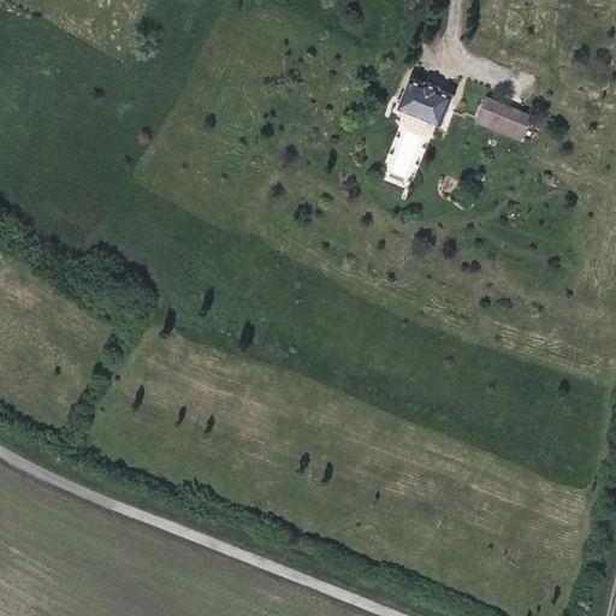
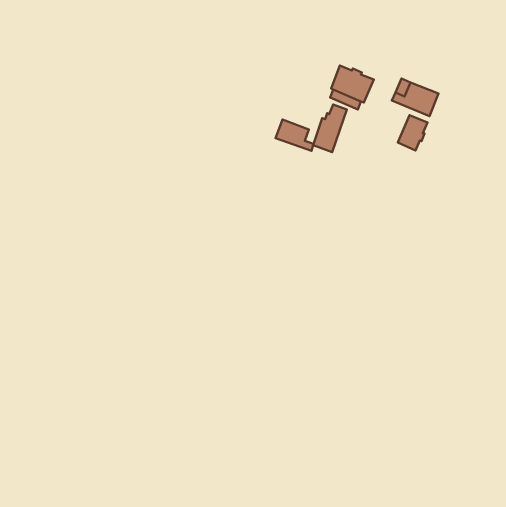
building: none -> [398,115,428,151]
building: none -> [275,120,313,151]

